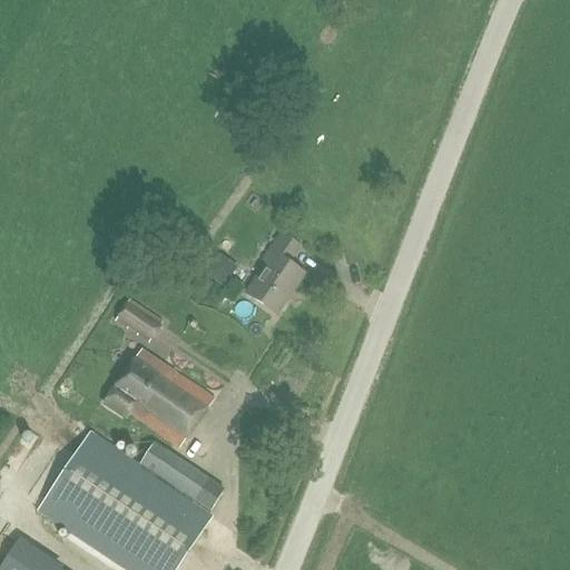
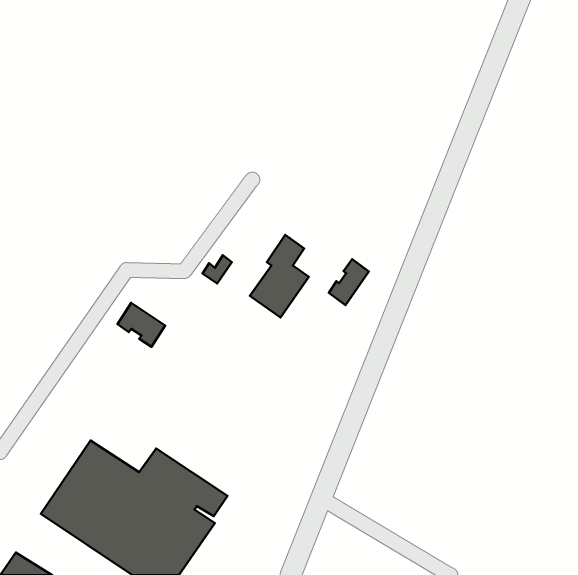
building: none -> [329,259,369,305]
building: [105,346,214,448] -> none

